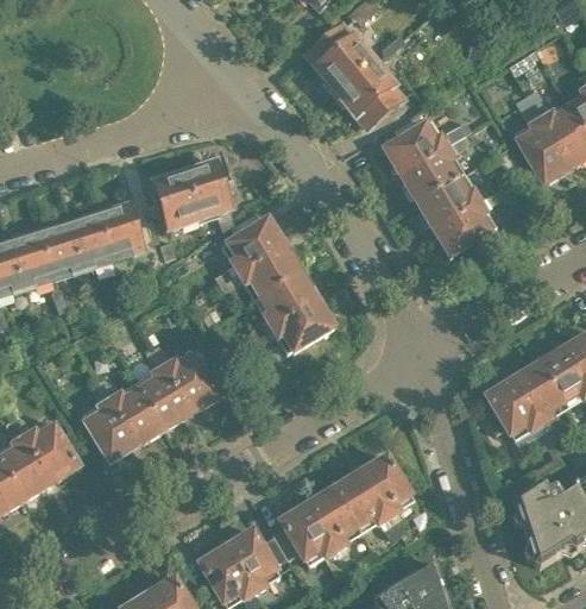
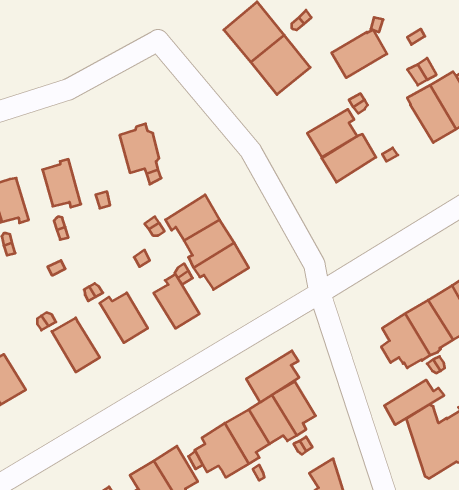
building: [383,117,446,171] -> [332,30,387,78]
building: [152,174,197,232] -> none
building: [433,199,490,255] -> none
building: [68,213,109,270] -> none
building: [226,214,283,270] -> none
building: [138,365,190,427] -> [154,274,199,328]
building: [84,397,136,460] -> none
building: none -> [246,351,299,402]
building: none -> [384,380,444,425]

